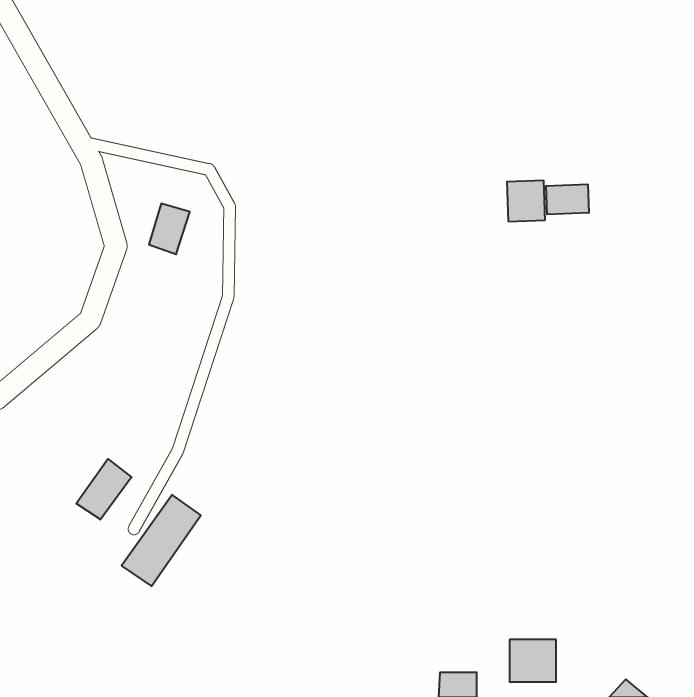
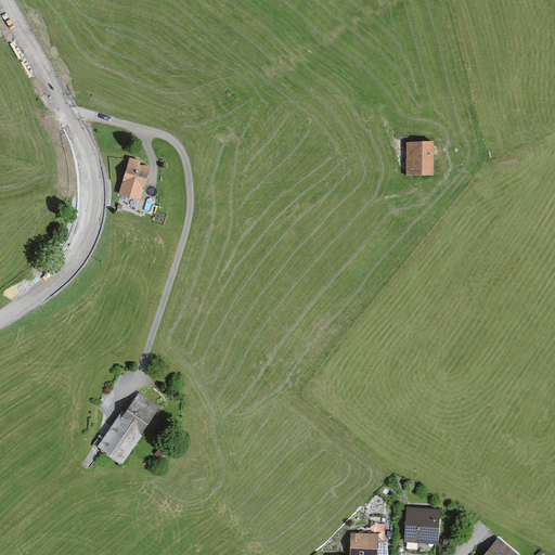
building: [546,184,589,214] -> none
building: [76,459,132,520] -> none

